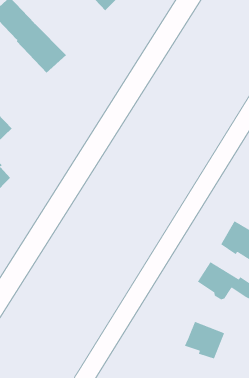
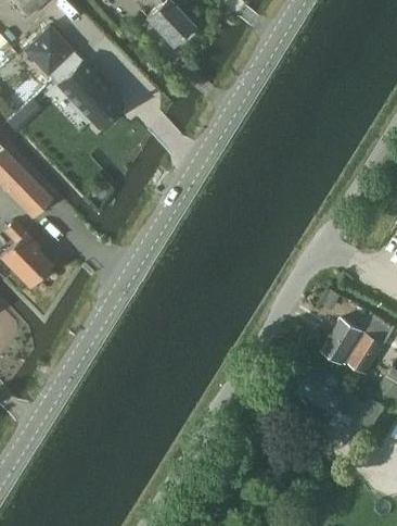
building: [184,321,225,359] -> none

